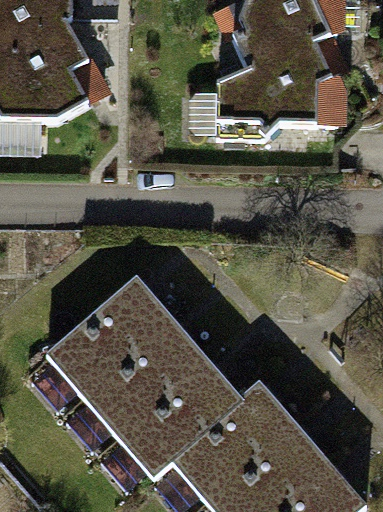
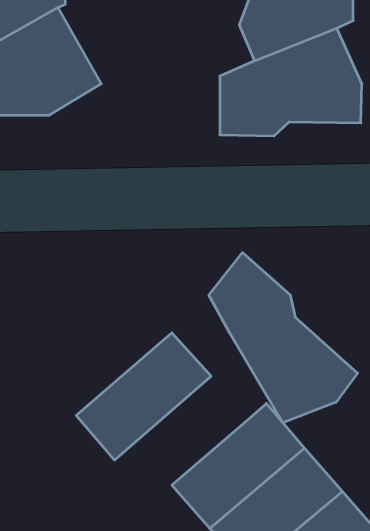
building: none -> [209,253,358,423]
building: [47,277,171,395] -> none
building: [118,359,241,475] -> none

